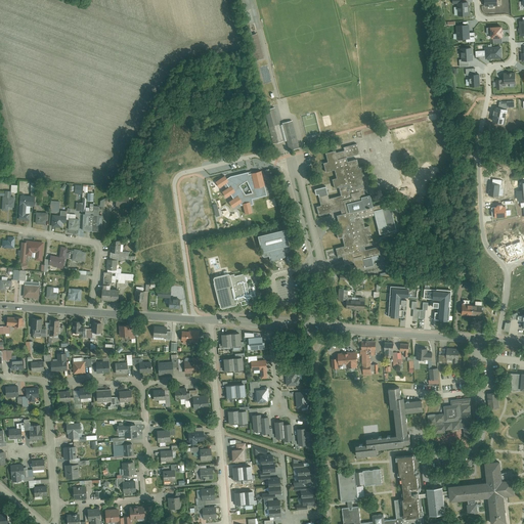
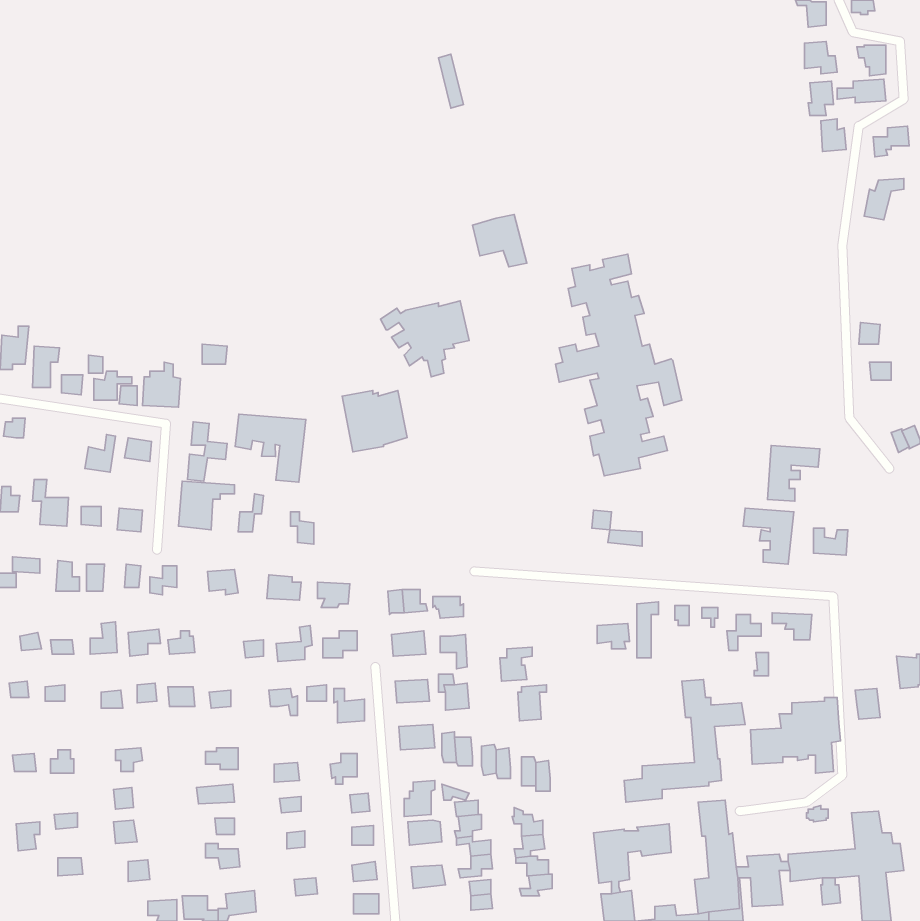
building: [257,229,290,264] -> none
building: none -> [235,414,306,482]
building: [19,242,43,270] -> none
building: [212,273,249,308] -> [342,391,407,452]
building: [387,286,417,317] -> [768,445,820,501]

